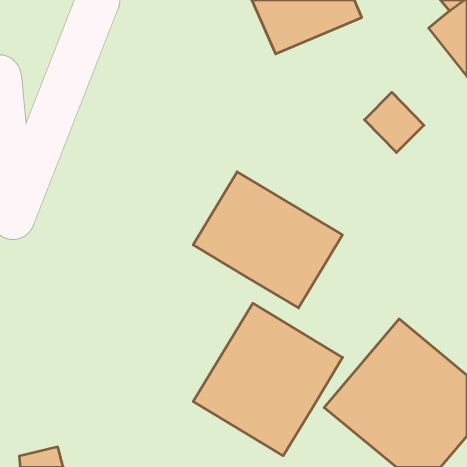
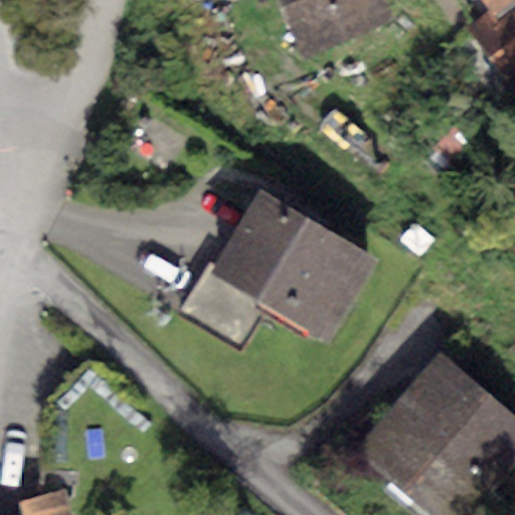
building: none -> [178,266,271,352]
building: [193,303,343,456] -> none

